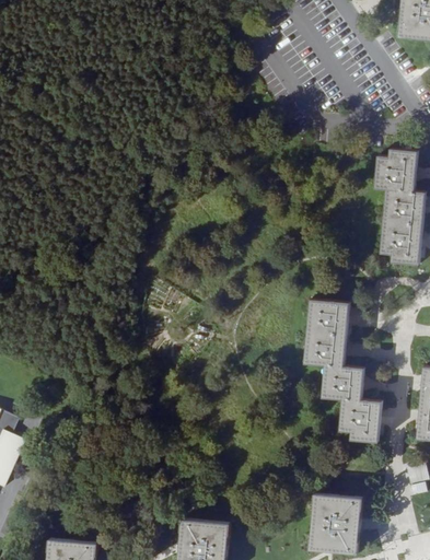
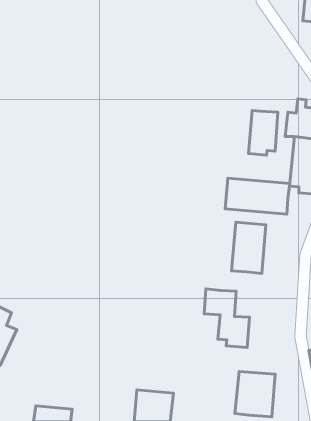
building: none -> [249,110,278,155]
building: none -> [225,178,290,214]
building: [322,364,381,441] -> [204,289,250,347]

